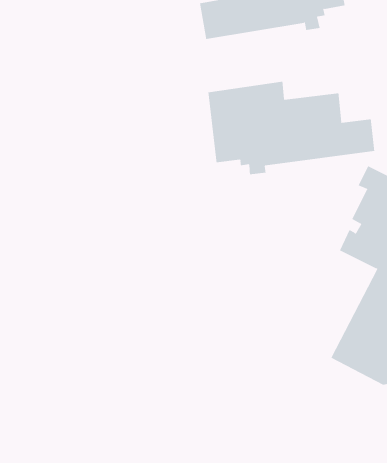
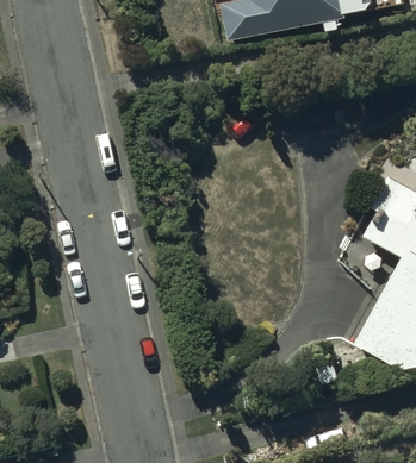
building: [208,81,375,175] -> none

